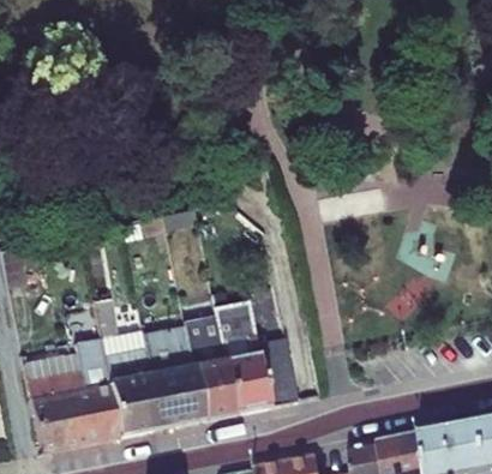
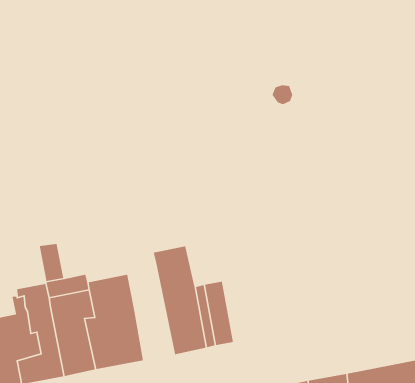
building: [184,316,235,420] -> none

